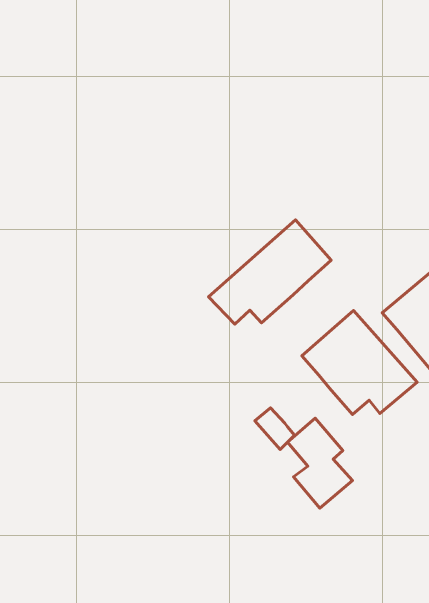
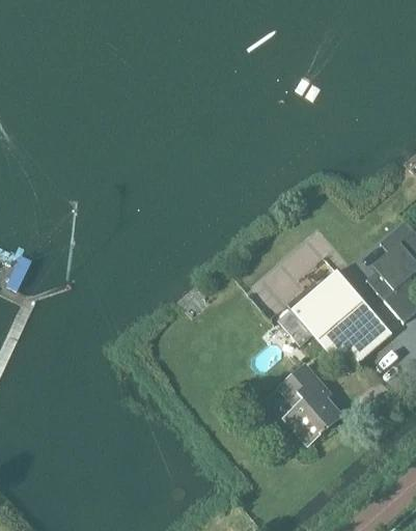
building: [208,220,331,324] -> none
building: [255,408,295,450] -> [278,308,312,344]

